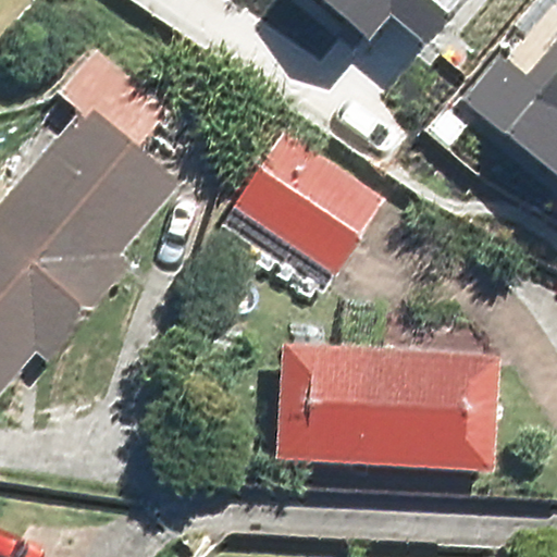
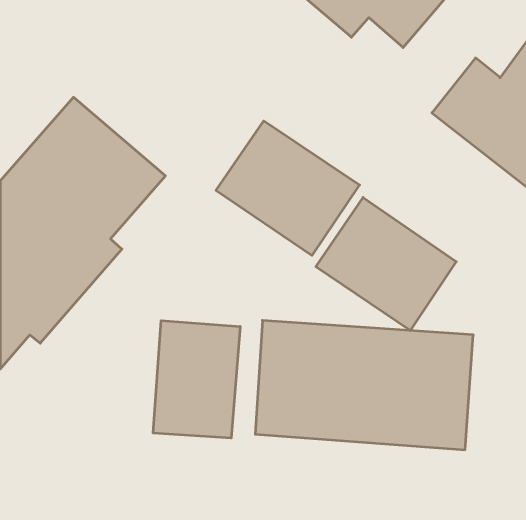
building: none -> [316,197,456,331]
building: none -> [153,321,240,438]

